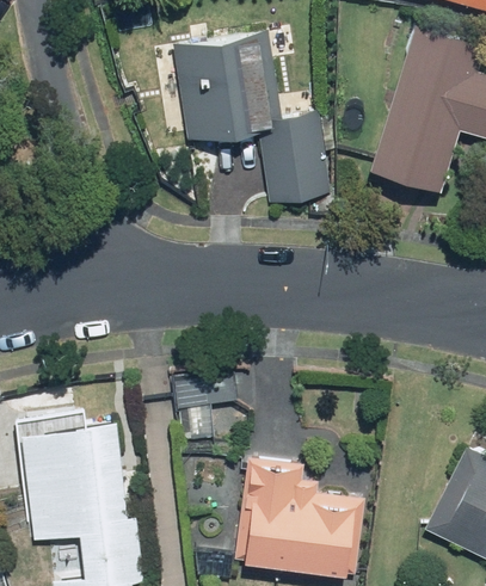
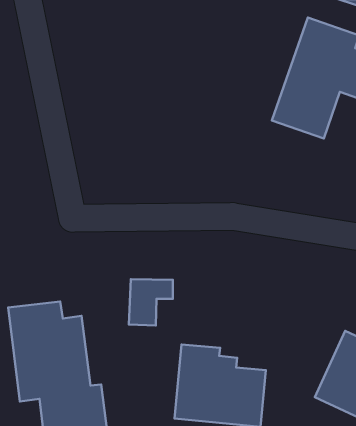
building: [171,30,334,204] -> none

